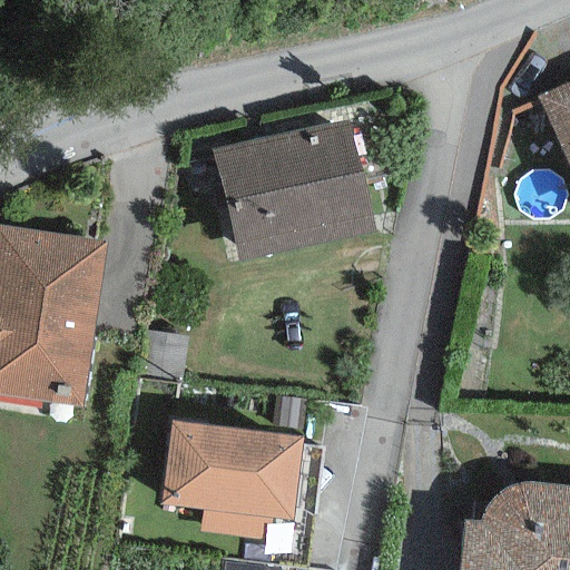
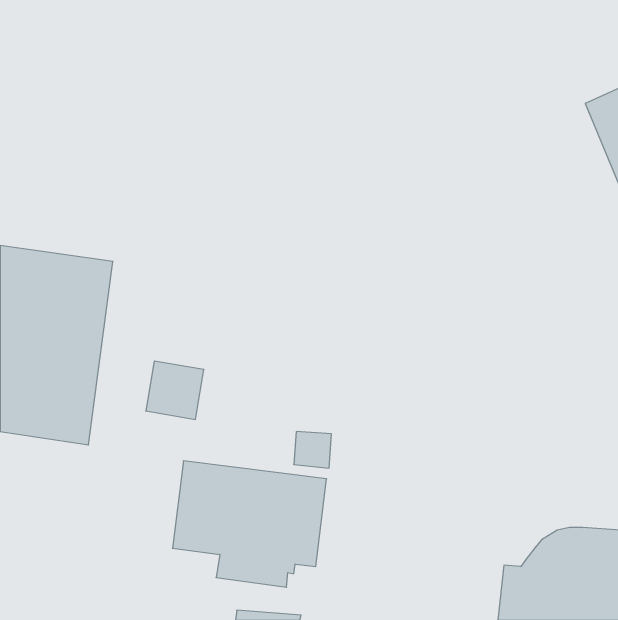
building: [212,119,375,261] -> none

